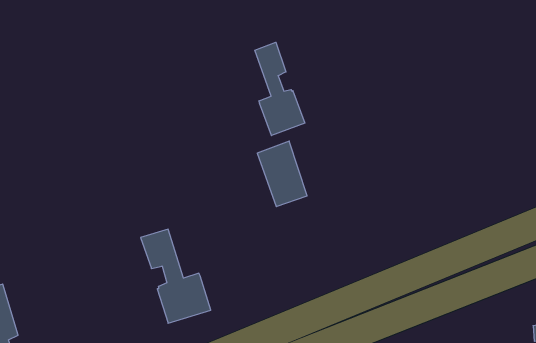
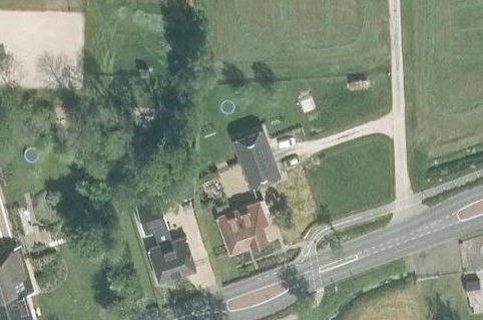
building: [255,42,305,136] -> none
building: none -> [216,204,268,255]

